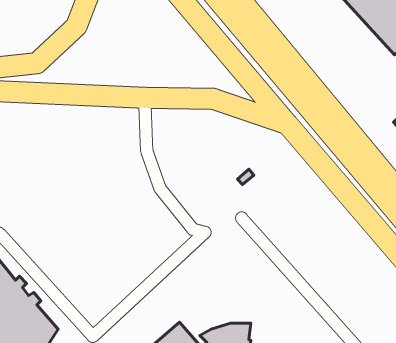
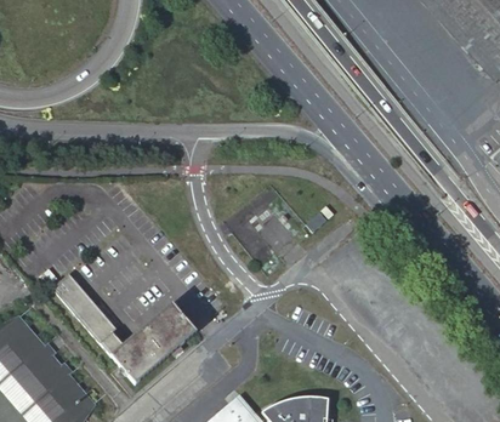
building: none -> [53,273,198,383]

